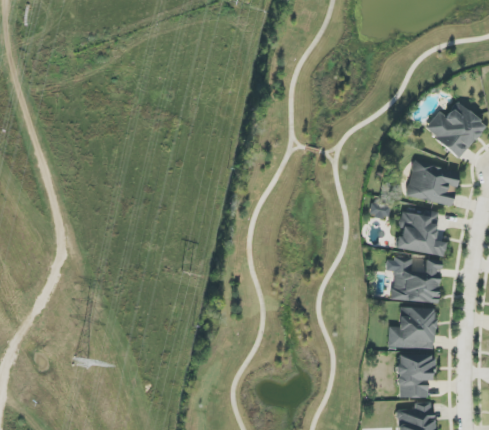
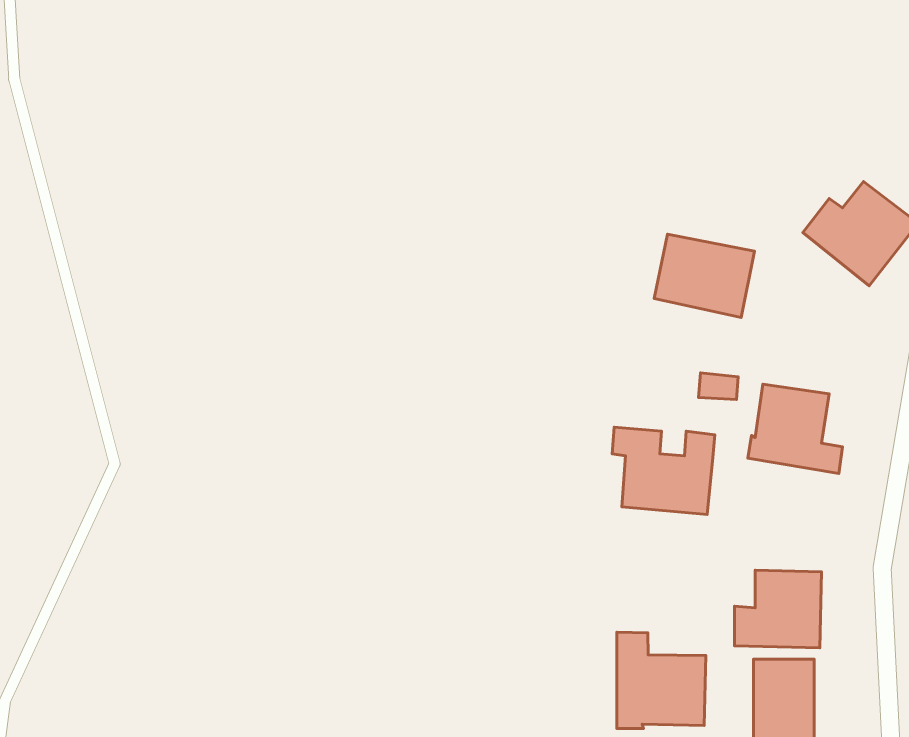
building: [407,162,460,206] -> [654,234,755,317]
building: [387,257,441,303] -> [612,427,715,514]
building: none -> [617,632,706,728]

